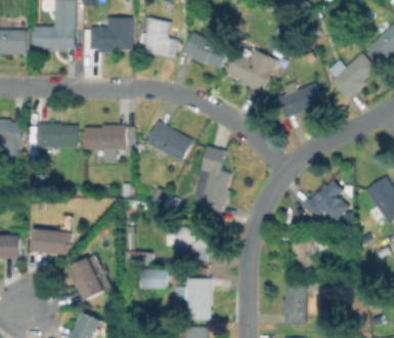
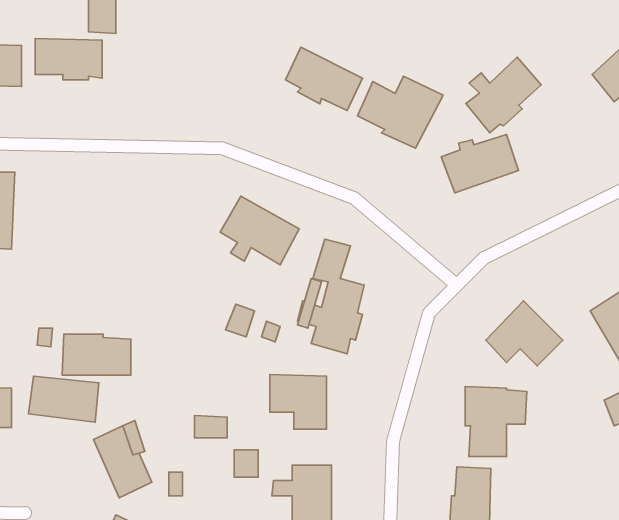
building: [141,17,178,58] -> none
building: [89,18,131,53] -> none
building: [331,52,376,97] -> [466,57,541,133]
building: [36,123,77,147] -> [62,334,131,375]
building: [84,125,125,164] -> none

